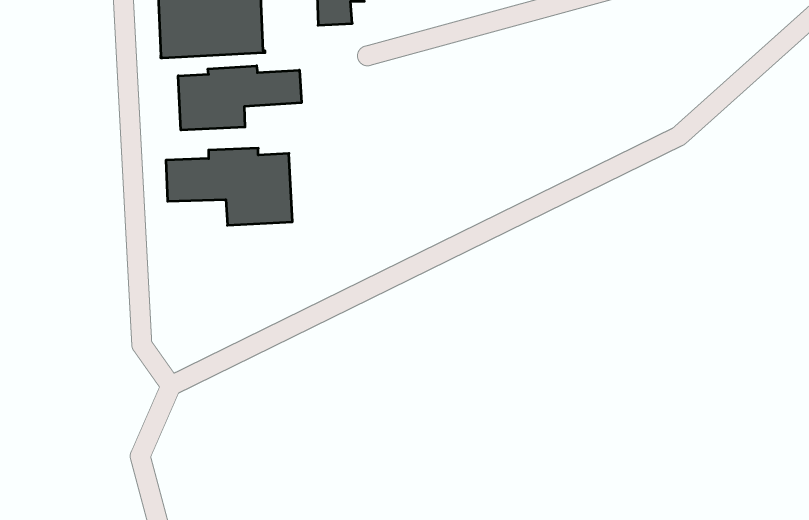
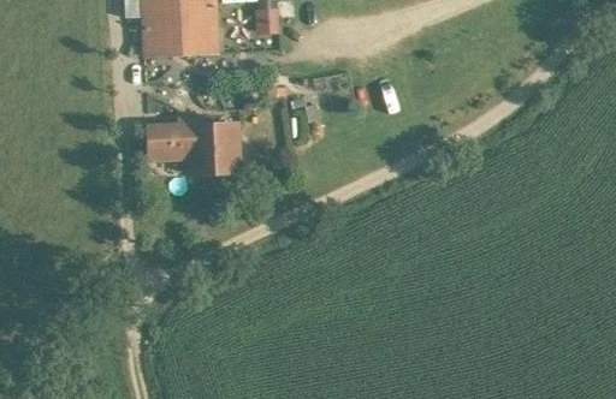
building: [178,66,301,130] -> none

